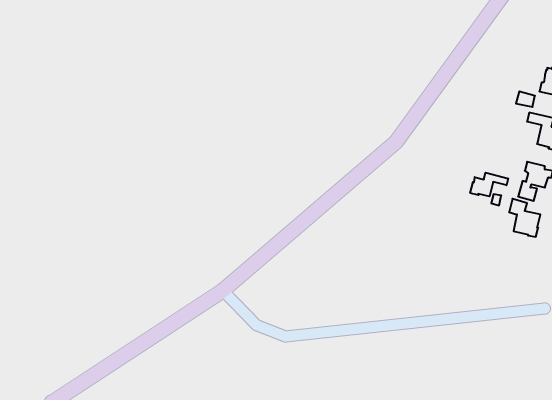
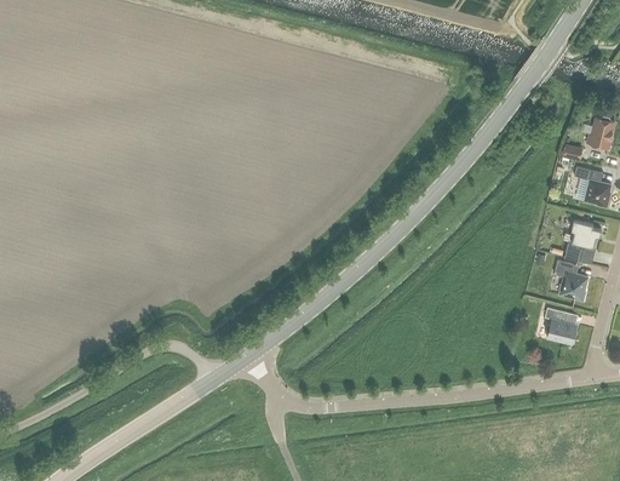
building: [470,173,508,196] -> none
building: none -> [545,307,578,344]

